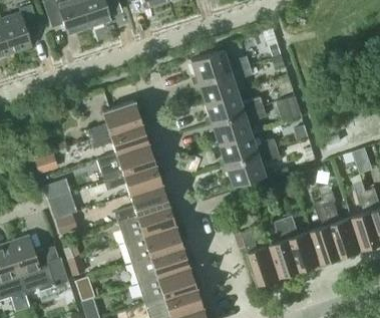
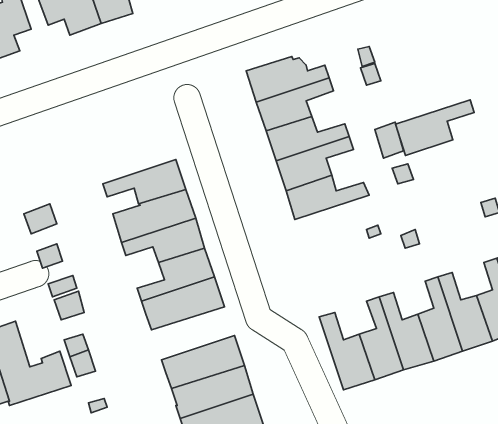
building: [87,99,141,138] -> none
building: [225,146,280,186] -> [396,100,474,155]
building: [124,225,182,262] -> none

